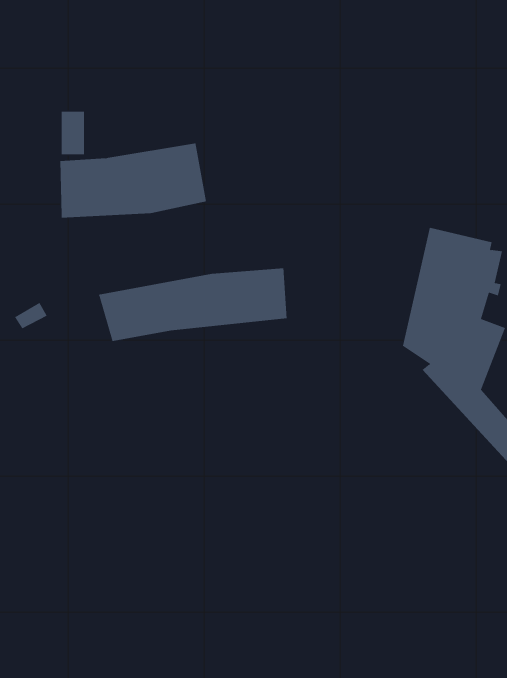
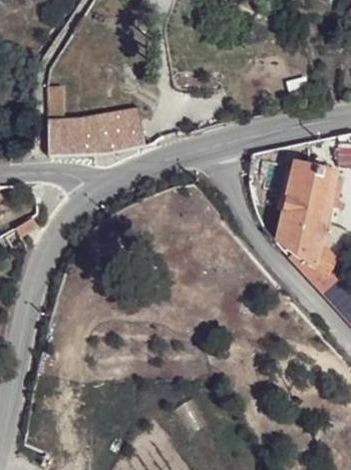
building: [98,268,287,342] -> none

